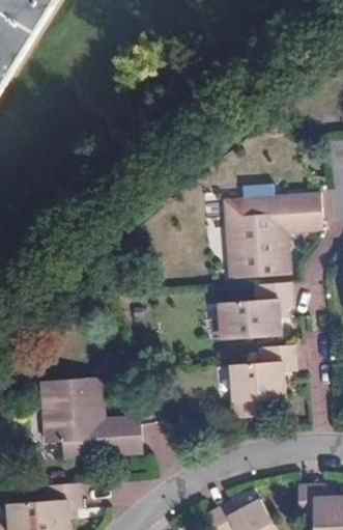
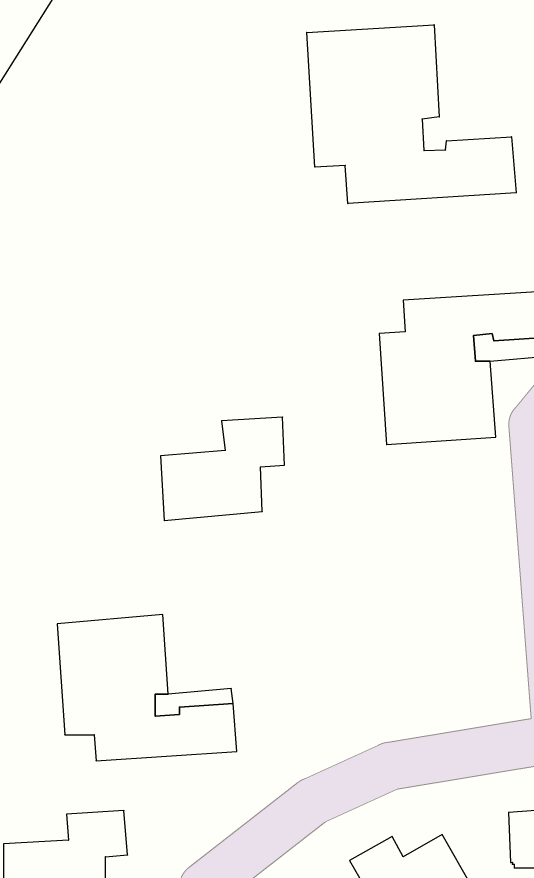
building: none -> [307,25,516,204]
building: [222,281,291,339] -> [161,417,284,521]
building: [229,344,295,417] -> none

